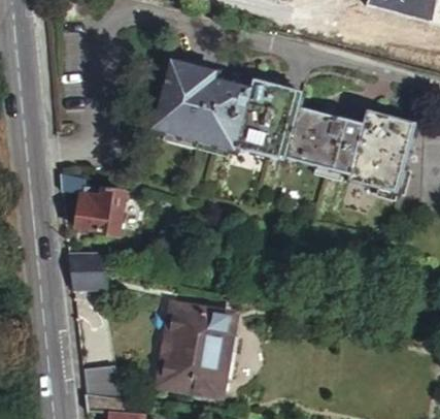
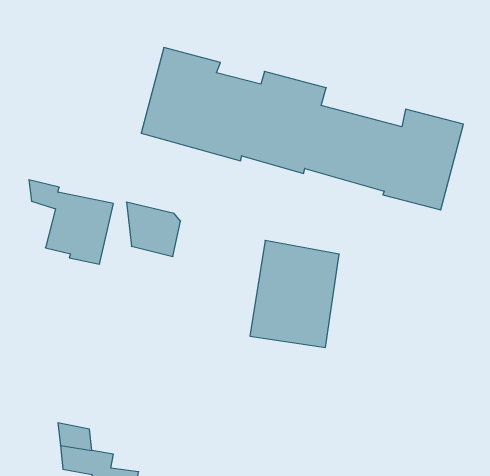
building: [69,251,113,295] -> [126,202,181,256]
building: [163,301,236,389] -> [250,240,339,347]

